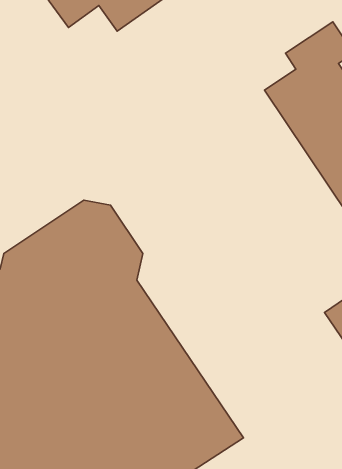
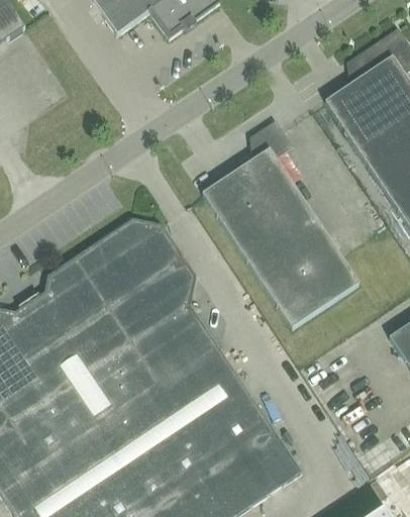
building: none -> [201,122,357,330]

